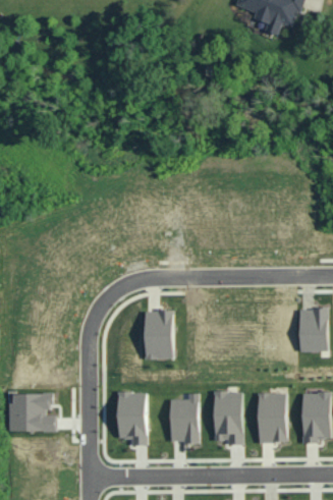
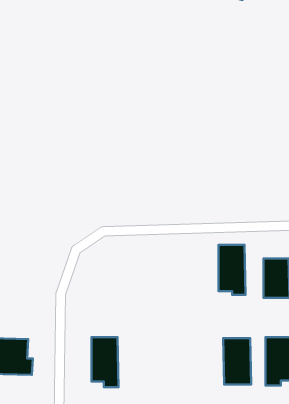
building: [144,311,172,358] -> none
building: [213,391,241,444] -> [219,245,246,295]
building: [169,393,198,442] -> none

